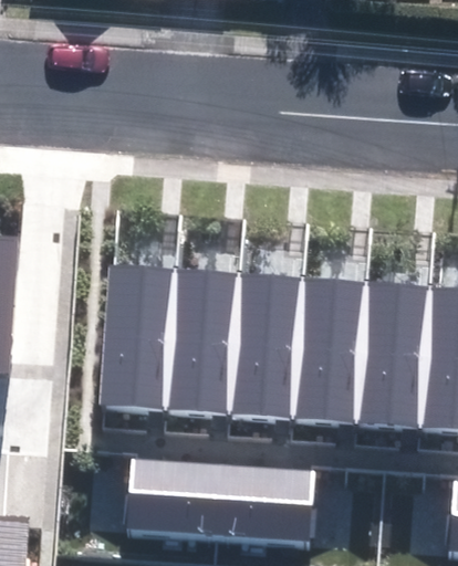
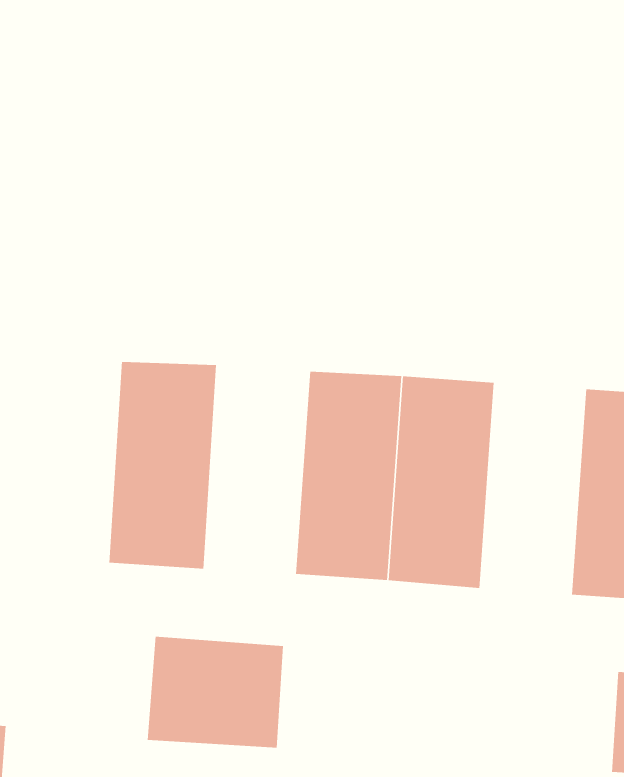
building: [166,270,239,415] -> none
building: [357,282,430,429] -> none
building: [217,464,318,542] -> none

